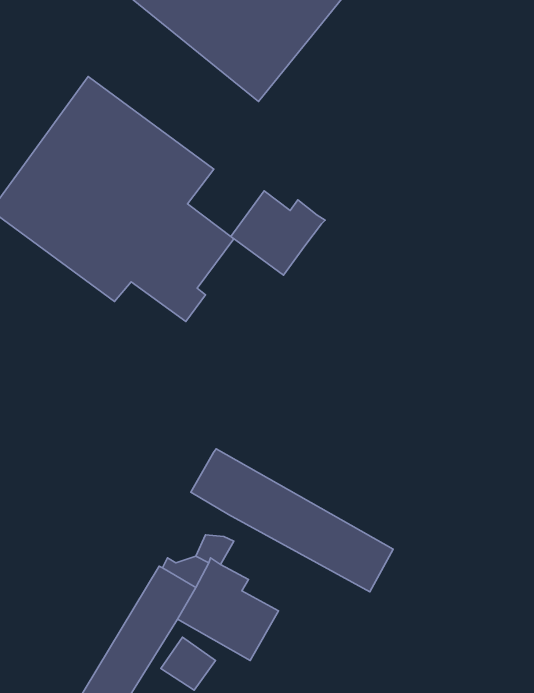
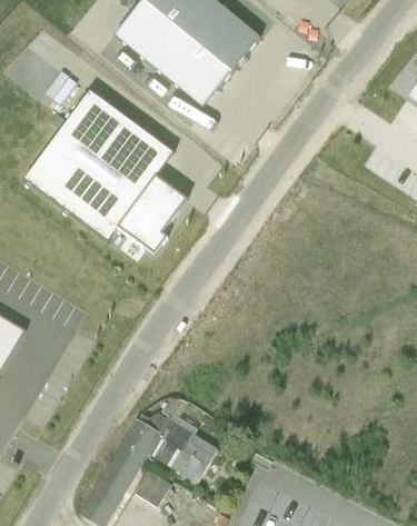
building: [231,191,325,275] -> none
building: [191,449,393,592] -> none

